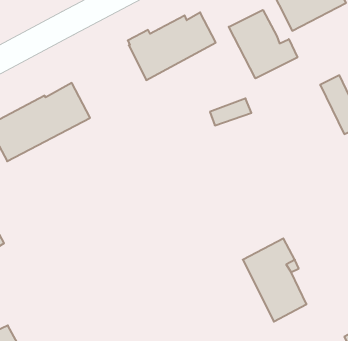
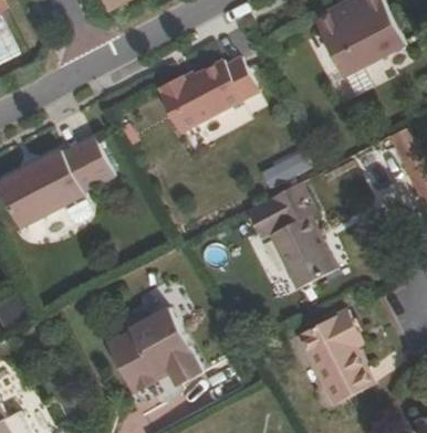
building: [229,10,297,78] -> none
building: none -> [243,182,332,289]
building: none -> [113,306,208,388]

